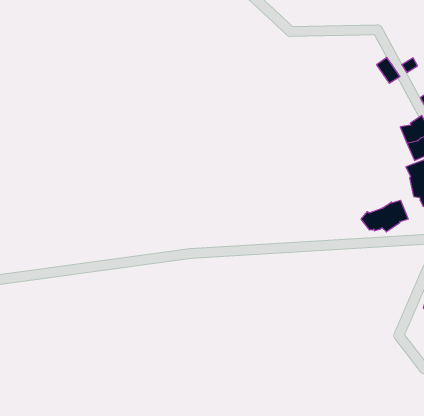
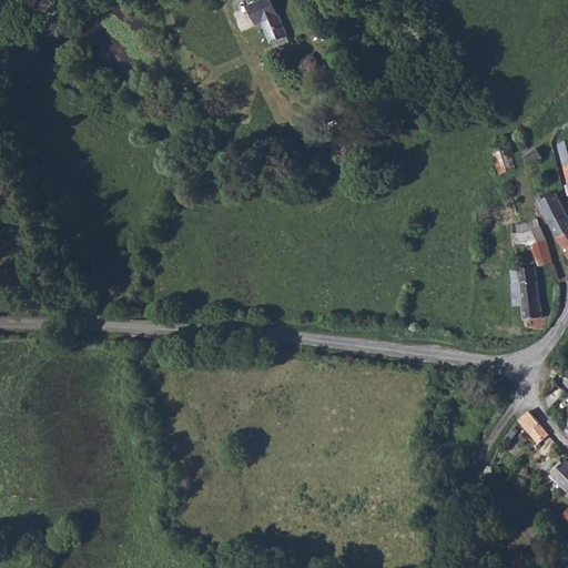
building: [361,200,408,232] -> none

